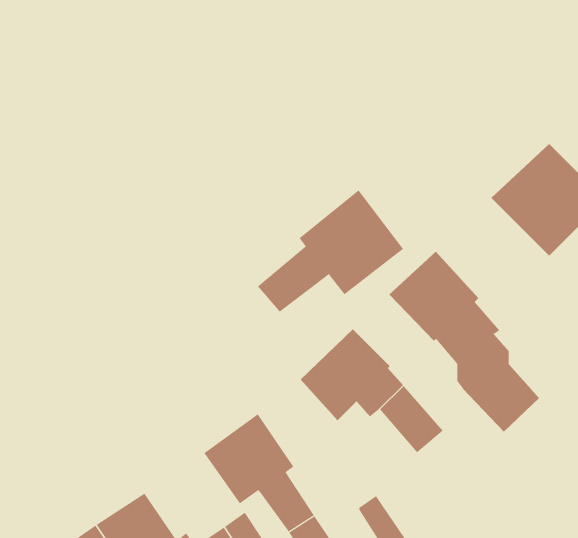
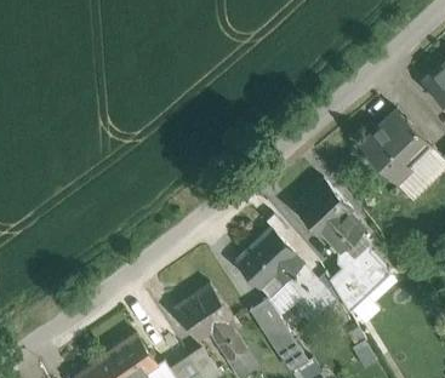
building: [257,190,404,312] -> none
building: none -> [329,268,367,313]
building: none -> [250,299,291,345]

